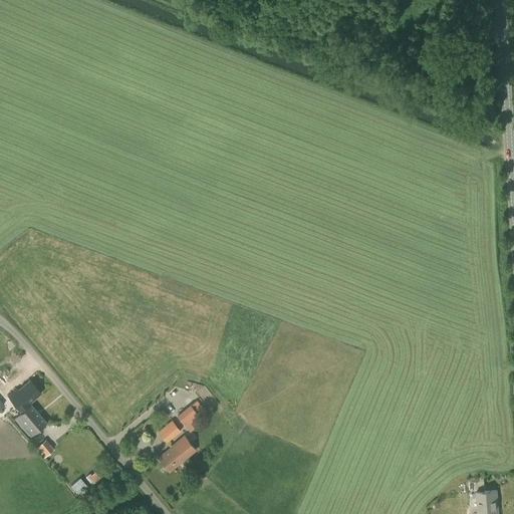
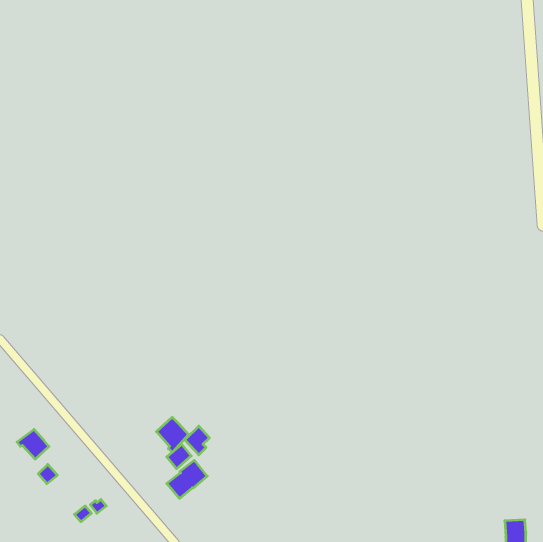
building: [8,381,41,419] -> none
building: none -> [156,417,189,452]

